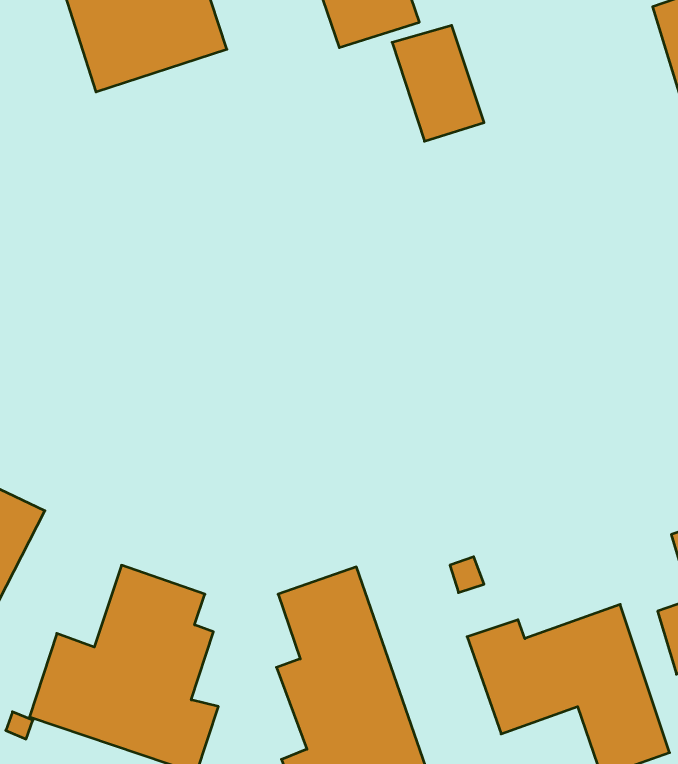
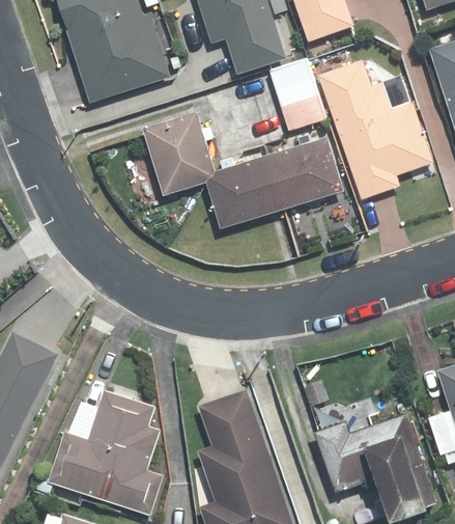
building: none -> [317,60,432,199]
building: none -> [143,112,345,227]

